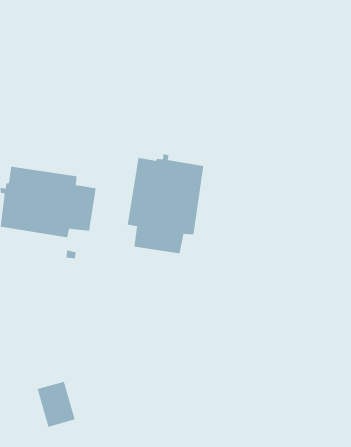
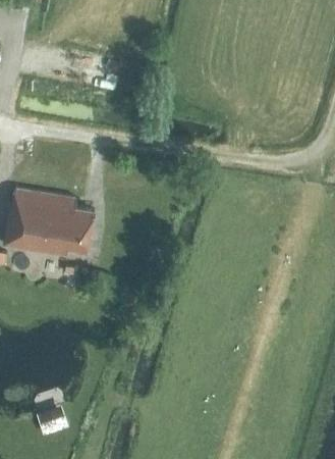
building: [127,153,204,254] -> none

